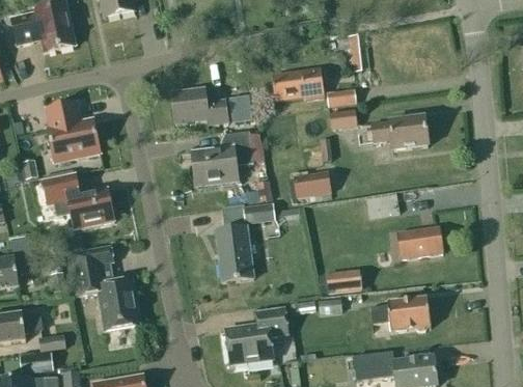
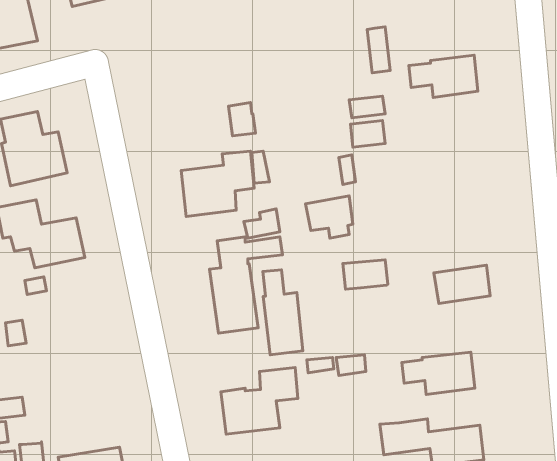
building: [271,67,324,99] -> none
building: [171,87,228,125] -> none
building: [371,115,428,149] -> [409,55,478,98]
building: none -> [263,270,303,355]
building: [67,245,140,330] -> none
building: [326,271,362,295] -> [343,260,388,289]

